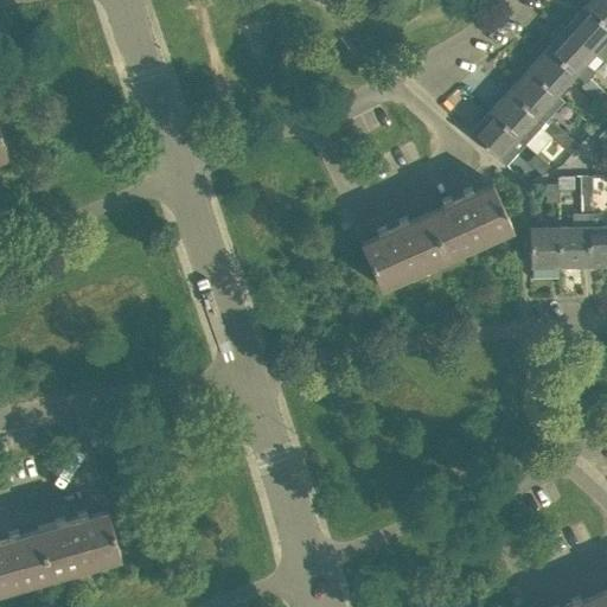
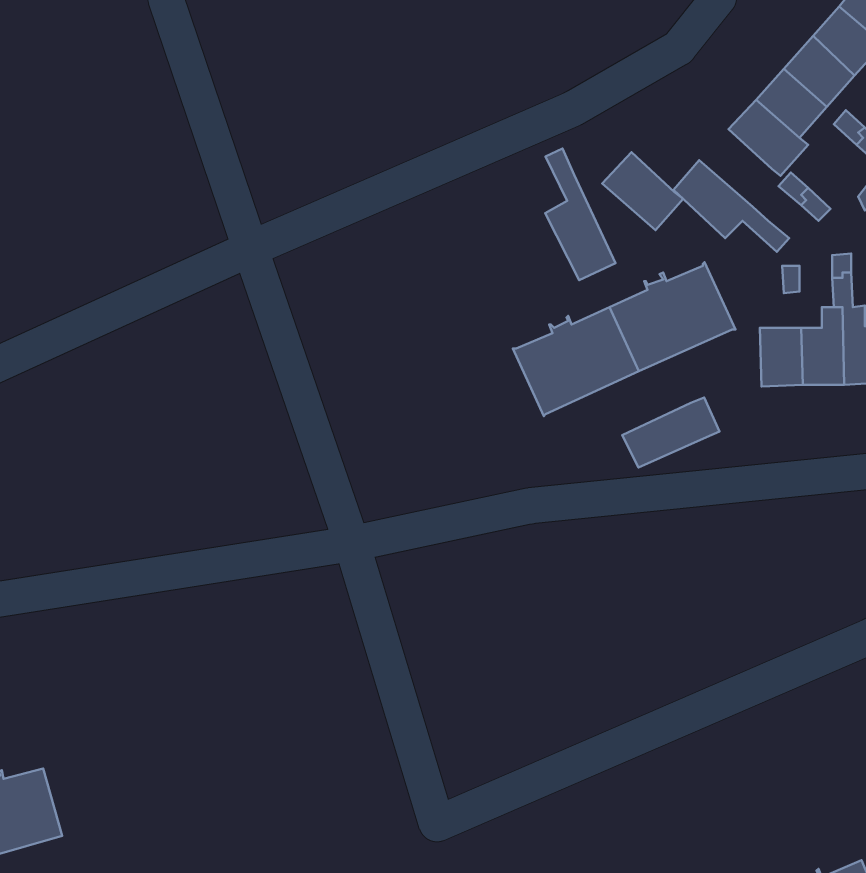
building: [488,94,544,147] -> [602,152,683,230]
building: none -> [545,149,615,280]
building: none -> [622,397,720,468]
building: [38,511,121,579] -> none

